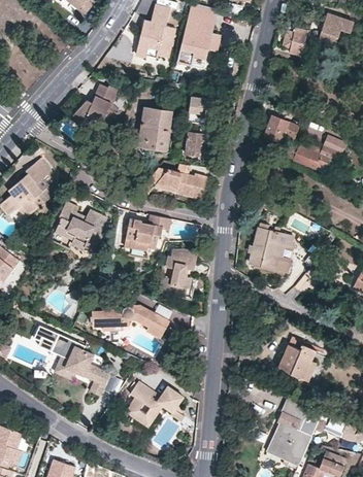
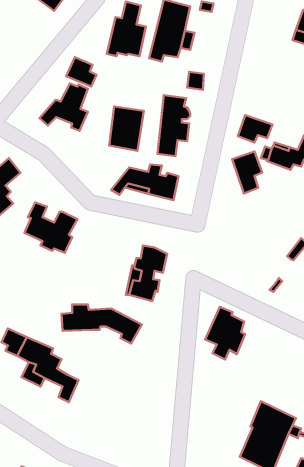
building: [283,28,311,57] -> none
building: none -> [66,57,96,86]
building: none -> [232,151,262,193]
building: [126,215,170,249] -> none
building: [250,228,294,271] -> none
building: [277,336,317,387] -> [205,307,245,359]
building: [123,380,183,431] -> none

